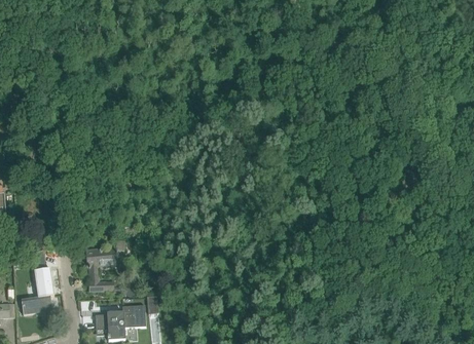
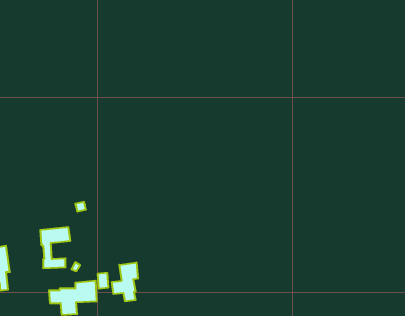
building: none -> [112,262,138,301]

